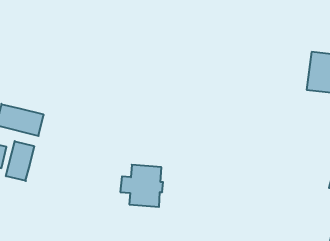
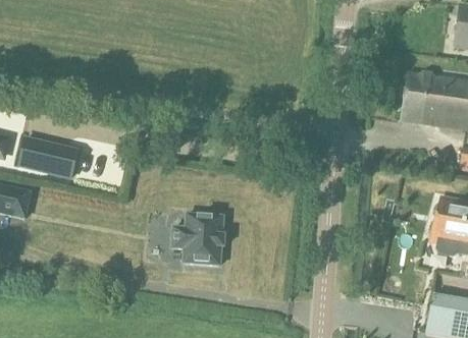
building: [6,141,34,181] -> none

